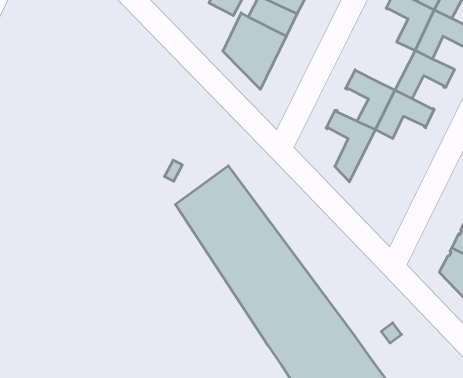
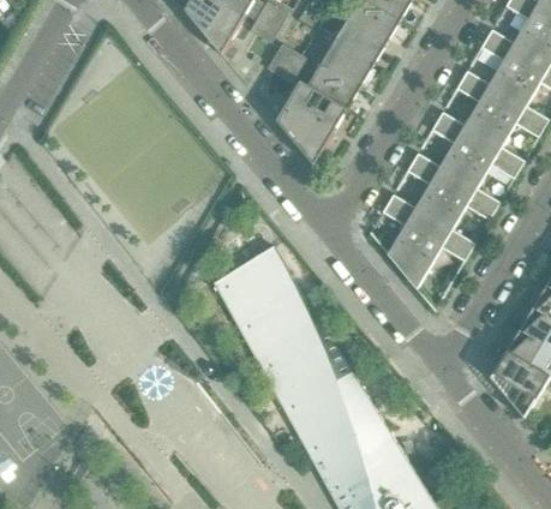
building: none -> [430,112,483,178]
building: none -> [401,218,474,289]

